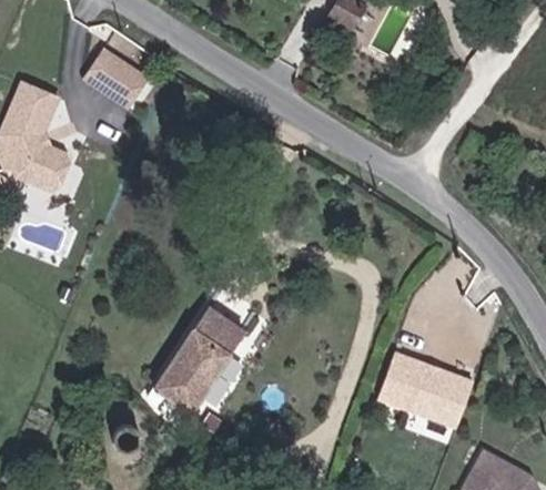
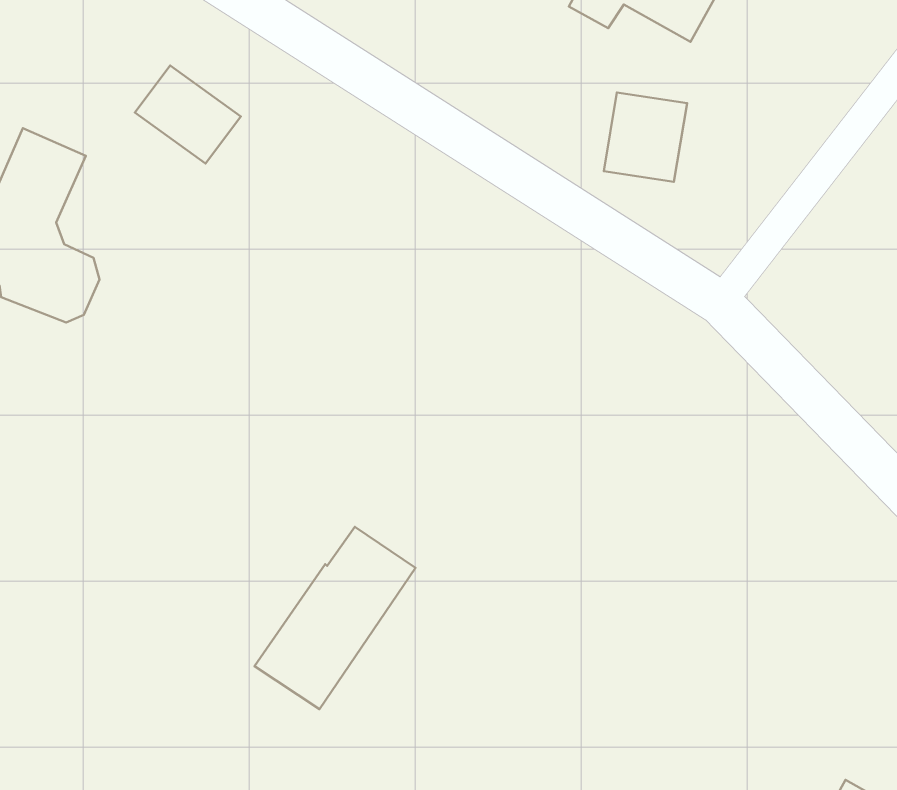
building: none -> [604,92,687,182]
building: [378,351,474,425] -> none

